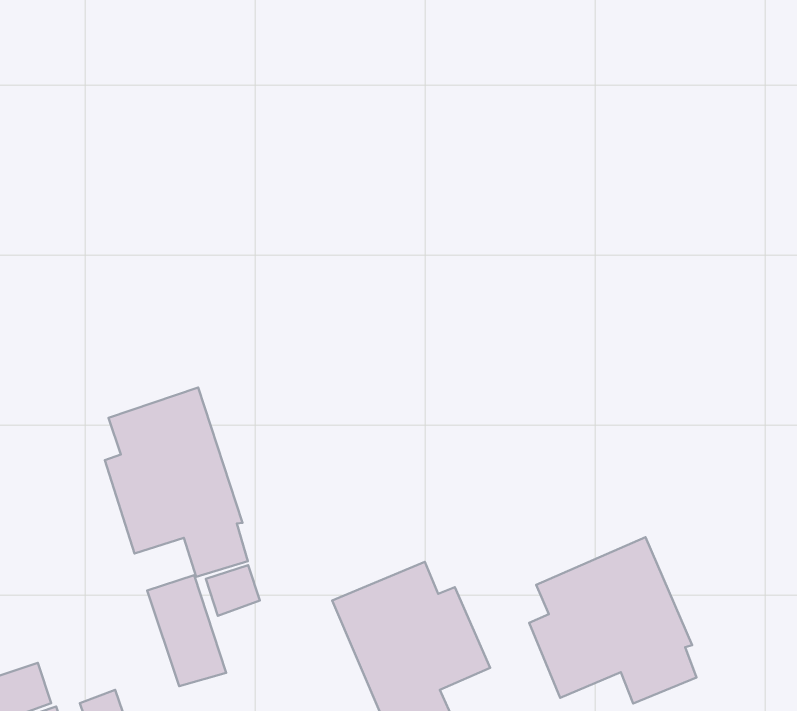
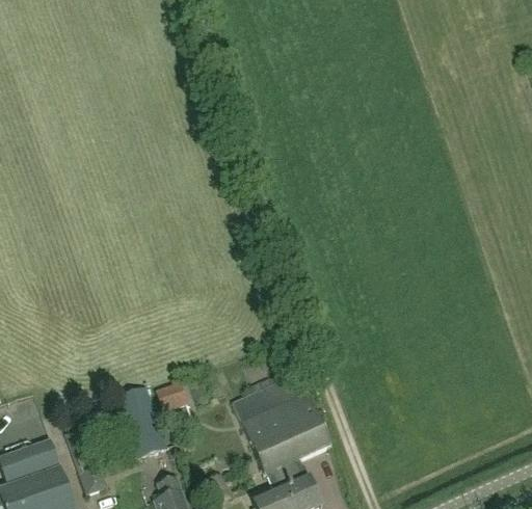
building: [105,388,248,577] -> none
building: [529,537,696,704] -> none

